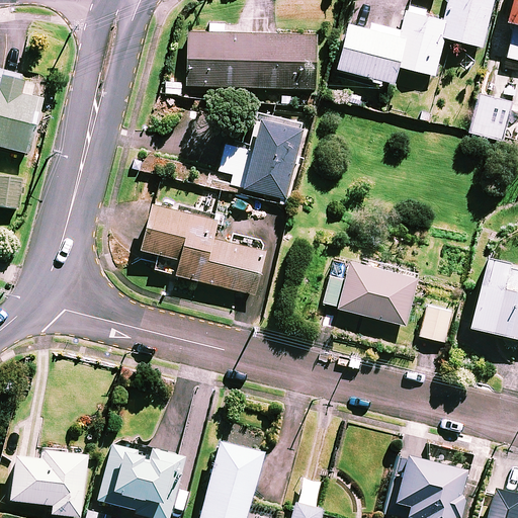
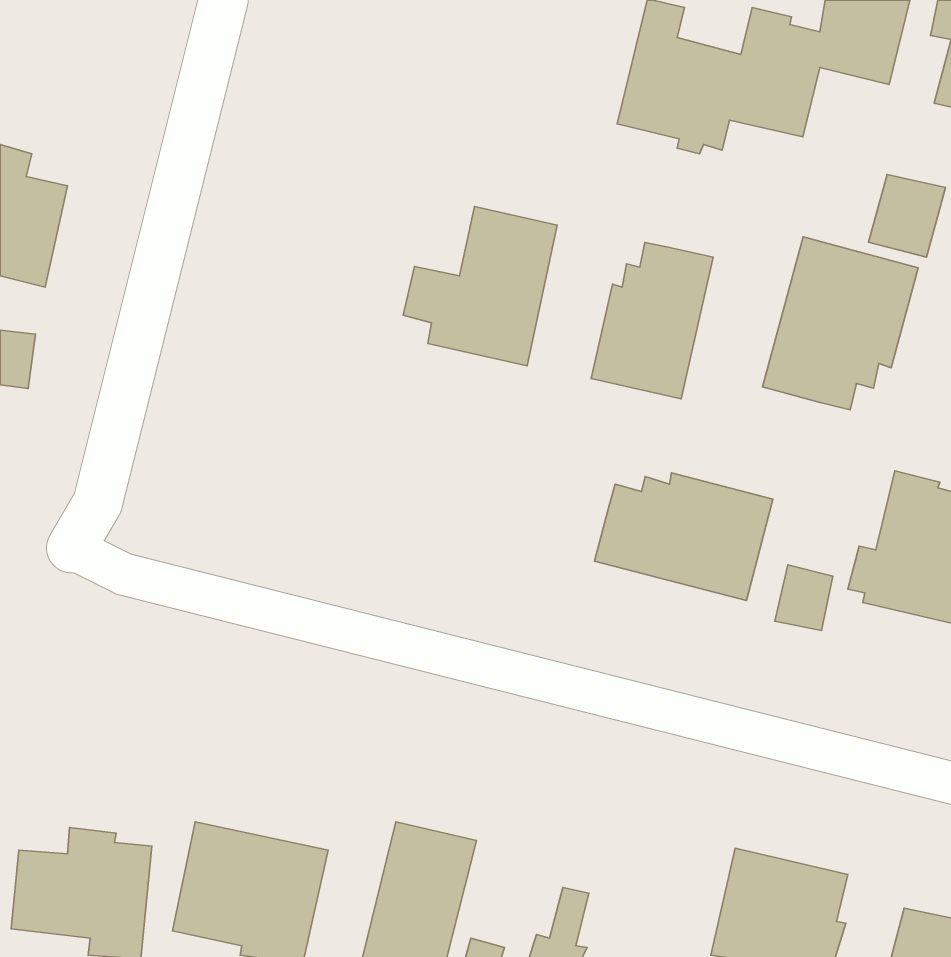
building: [187,23,318,88] -> none
building: none -> [763,237,918,410]
building: none -> [591,242,713,399]
building: [141,202,268,293] -> none

